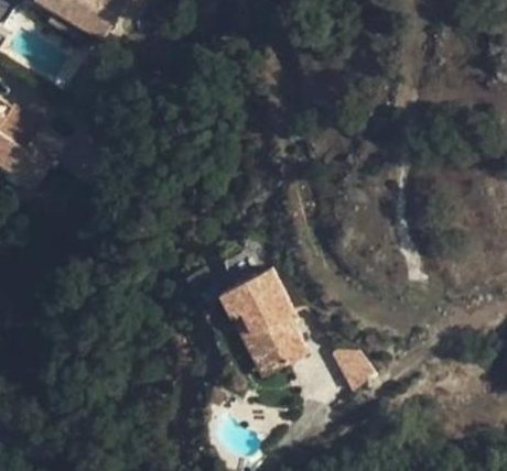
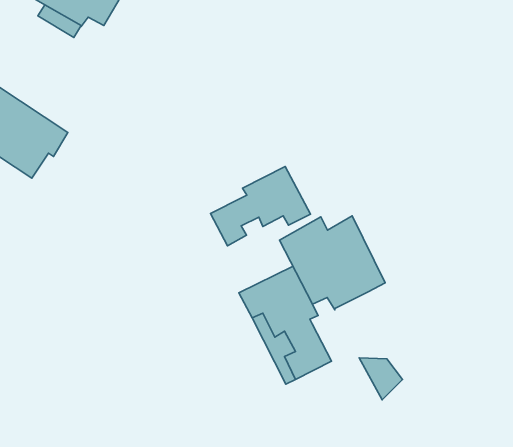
building: none -> [211,166,311,246]
building: none -> [280,216,385,310]

